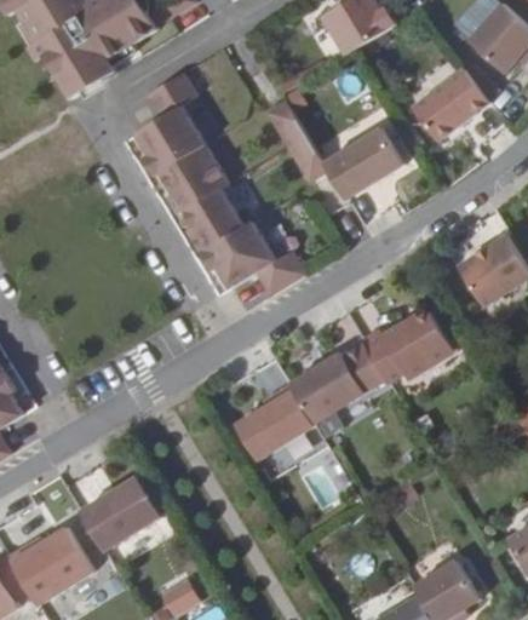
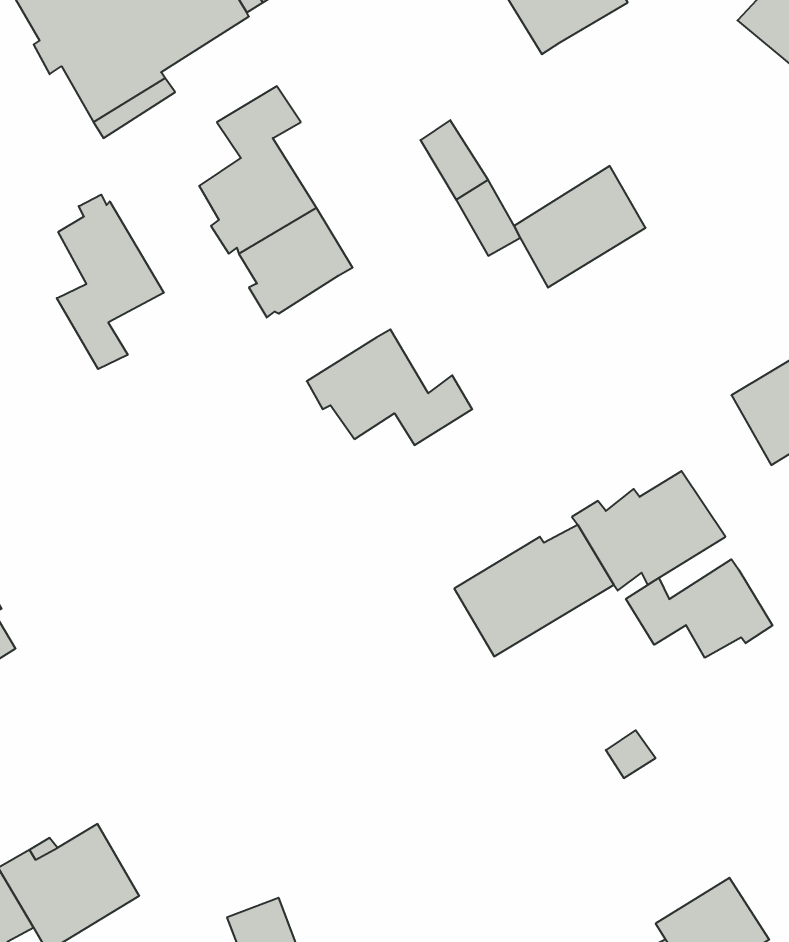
building: [408,68,486,142] -> none
building: none -> [57,195,164,369]
building: [183,191,242,256] -> none
building: none -> [626,559,772,658]
building: [236,381,314,458] -> none
building: [82,473,162,549] -> none

